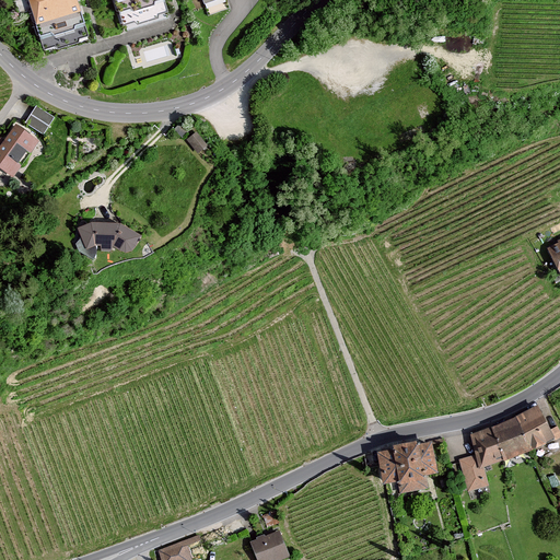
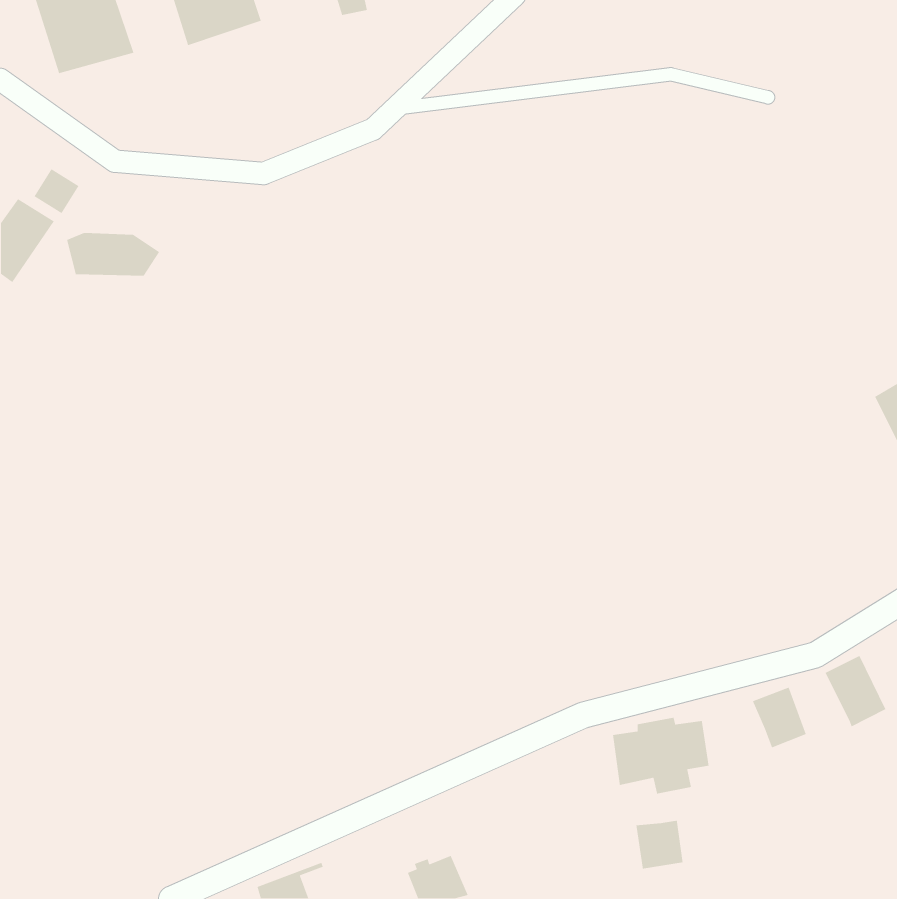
building: [71,222,129,249] -> [66,232,160,277]
building: [492,416,529,457] -> none
building: [457,451,488,491] -> none
building: none -> [635,820,684,870]

